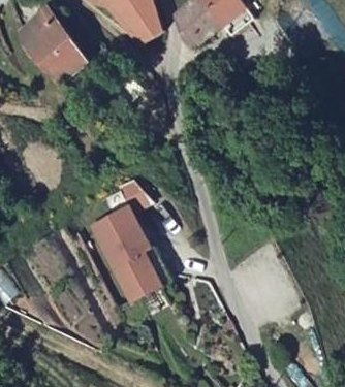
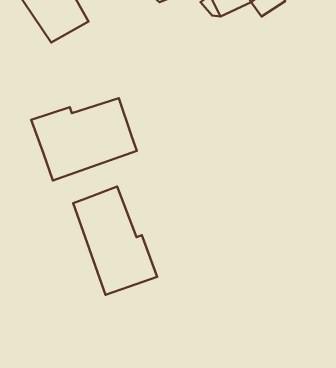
building: none -> [31,98,137,180]

